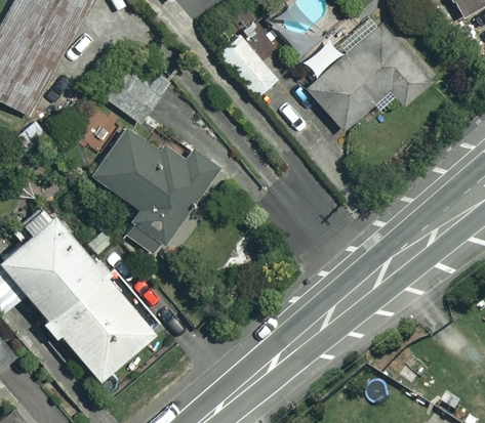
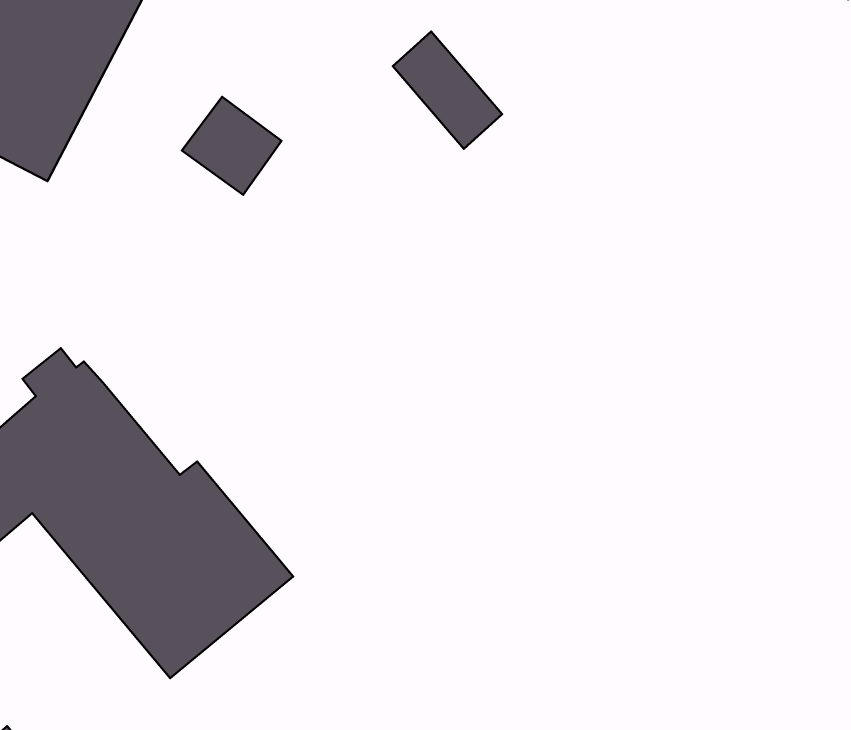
building: [306,24,431,131] -> none
building: [91,128,215,254] -> none

